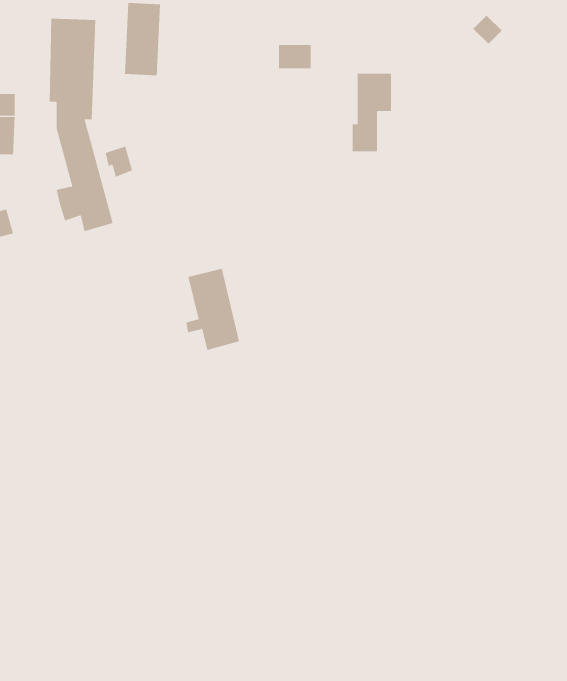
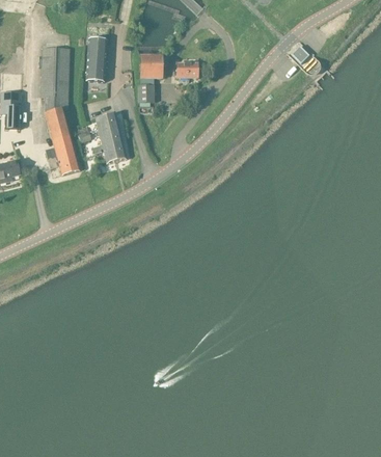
building: [352,73,392,152] -> [137,55,161,102]
building: [186,268,240,350] -> [94,114,127,163]

